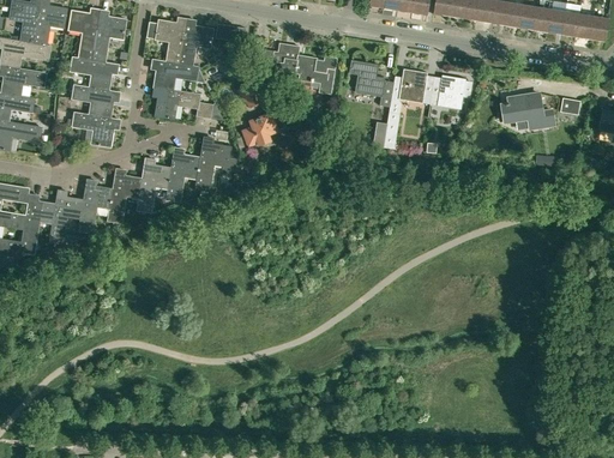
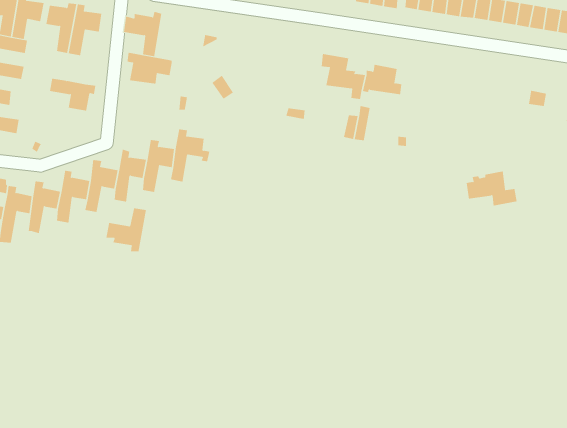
building: [180,19,213,66] -> none
building: [260,43,336,94] -> none
building: [71,58,119,91] -> none
building: [431,78,472,107] -> none
building: [152,88,200,119] -> none
building: [501,92,554,128] -> [466,171,518,206]
building: [72,113,120,146] -> none
building: [243,113,278,145] -> none
building: none -> [106,208,147,252]

